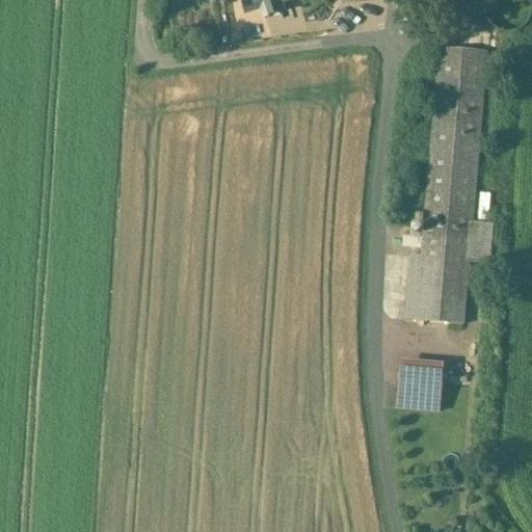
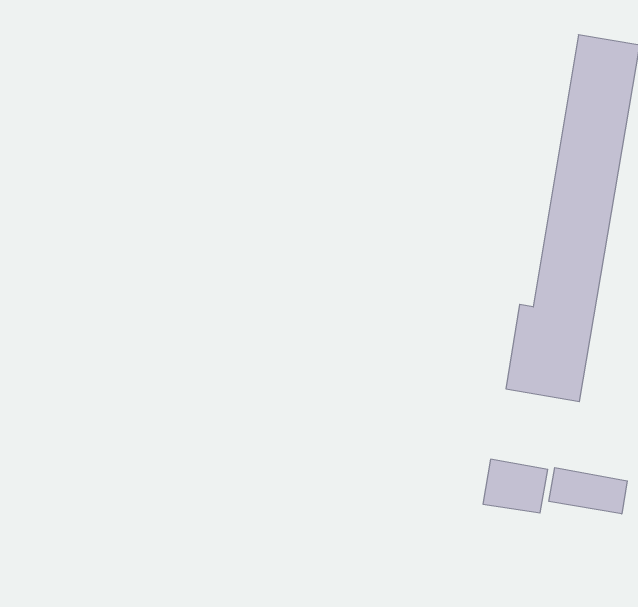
building: none -> [549,468,627,514]

